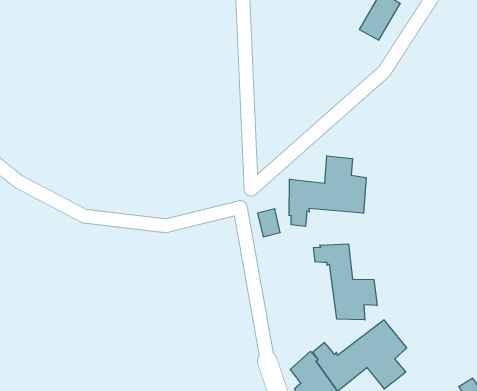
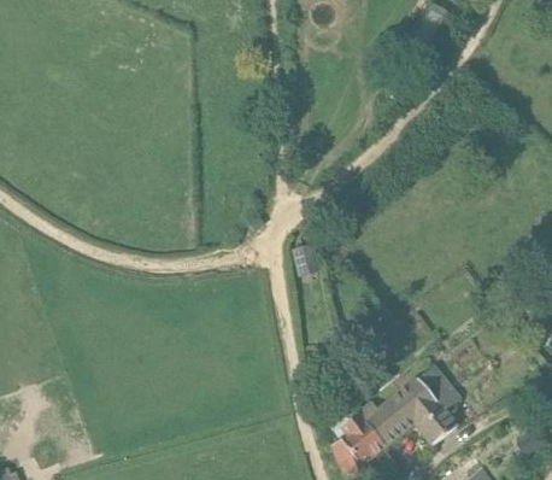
building: [289,156,366,226] -> none
building: [314,244,377,320] -> none

